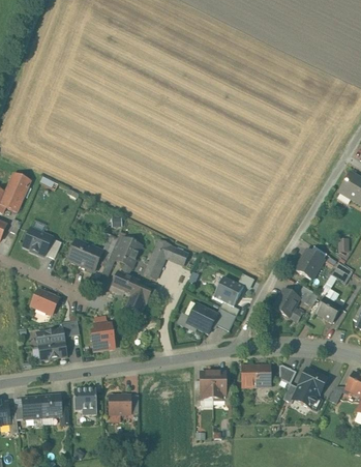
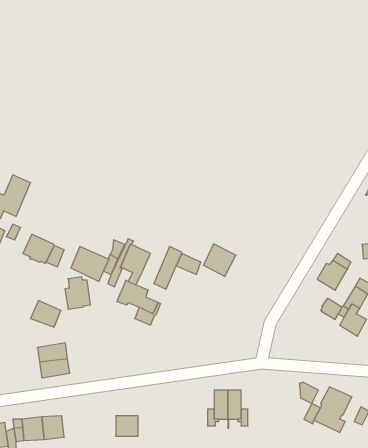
building: [213,276,243,307] -> [203,244,236,276]
building: [272,289,300,317] -> none
building: [186,303,216,333] -> none
building: [90,321,114,351] -> [65,277,91,309]
building: [242,366,269,387] -> none
building: [73,388,96,414] -> none

